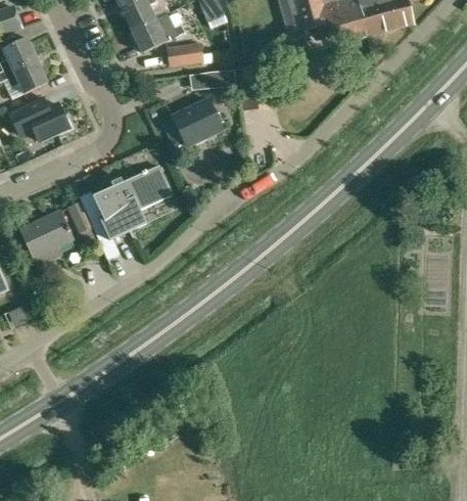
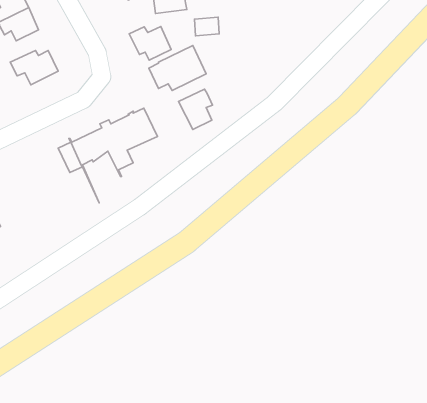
building: none -> [129,27,171,60]
building: none -> [178,89,212,129]
building: [20,210,73,264] -> none

